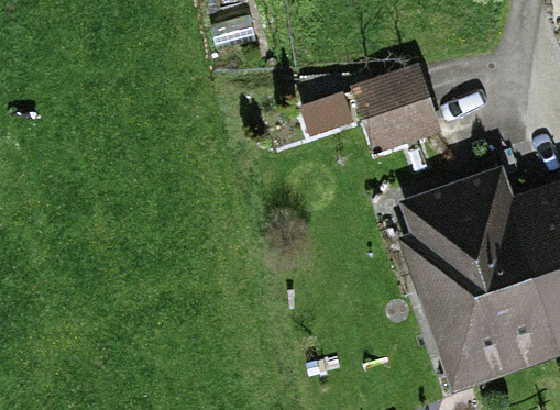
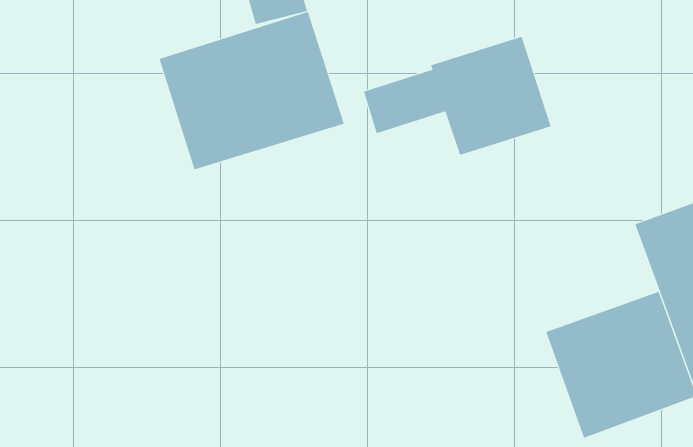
building: none -> [159,11,345,170]
building: [408,177,523,285] -> none

